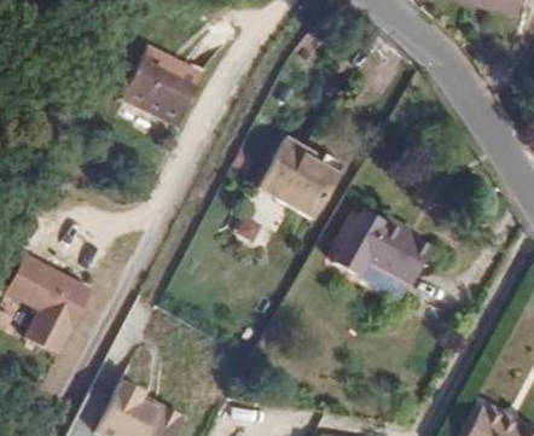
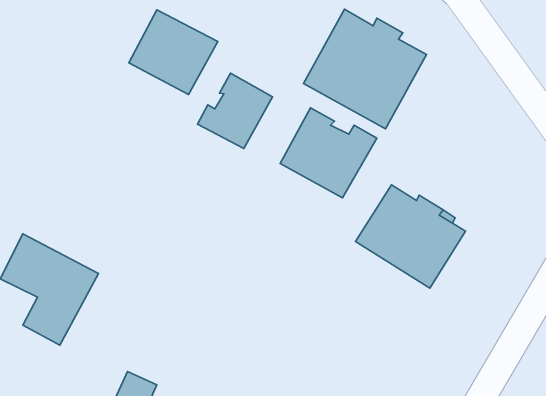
building: none -> [304,9,427,129]
building: none -> [198,73,272,149]

